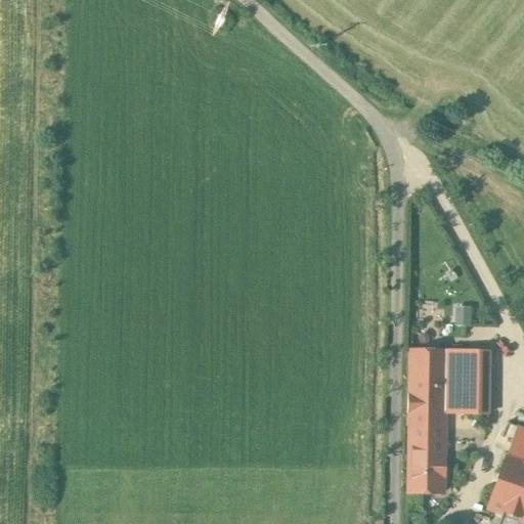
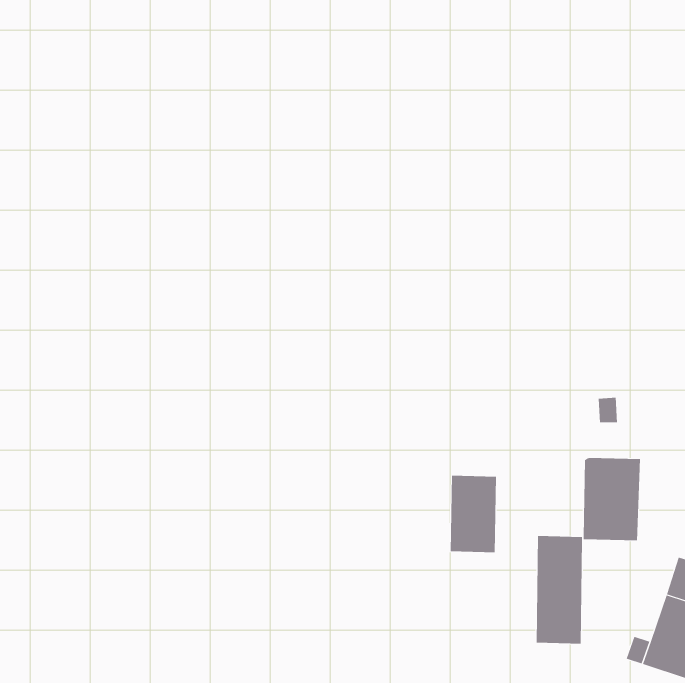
building: [410,350,446,409] -> [450,475,497,553]

